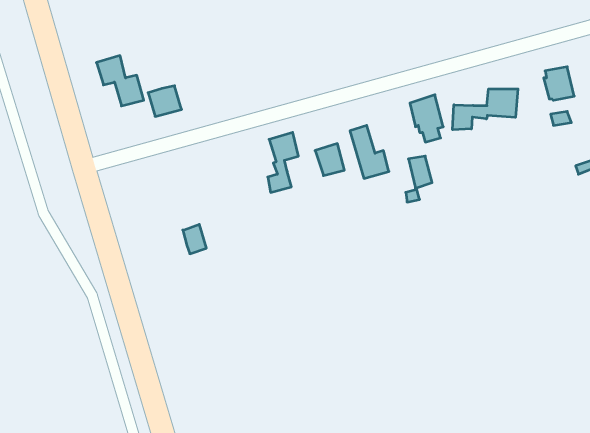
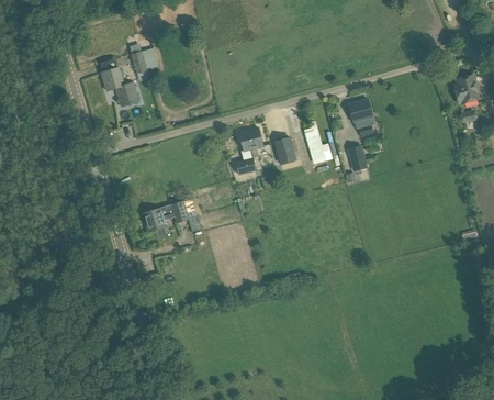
building: [148,86,182,116] -> [132,48,158,73]
building: [453,89,518,130] -> none
building: none -> [143,204,173,232]

